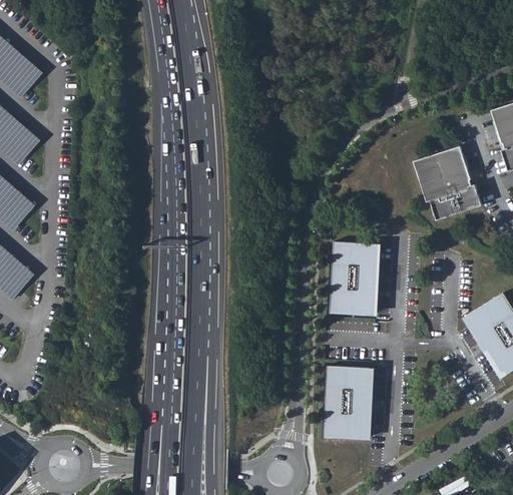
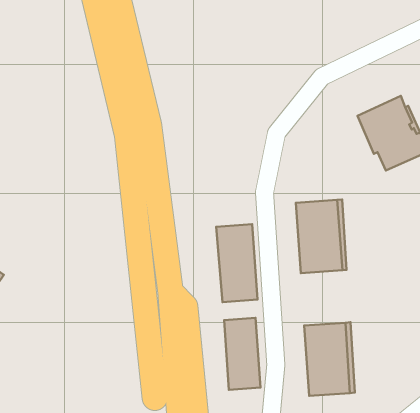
building: none -> [216,224,258,302]
building: none -> [224,318,260,390]

